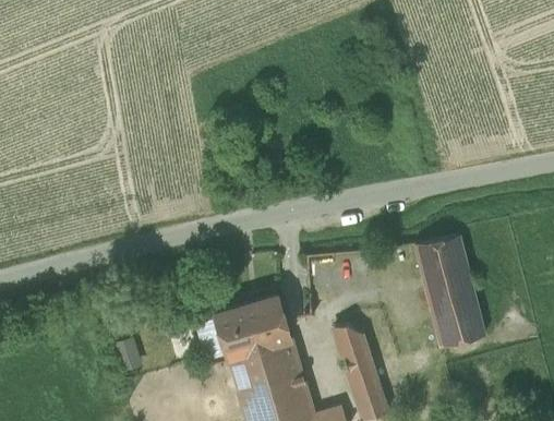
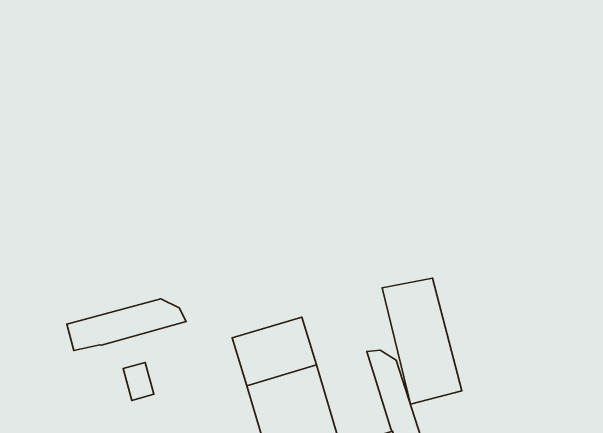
building: [416,236,486,348] -> [382,278,462,404]
building: none -> [67,299,186,351]

